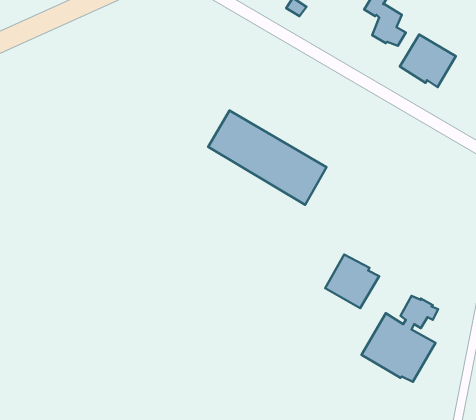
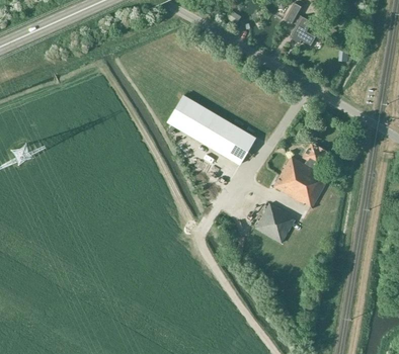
building: [400,34,456,87] -> none
building: [362,296,438,382] -> [272,143,330,207]

